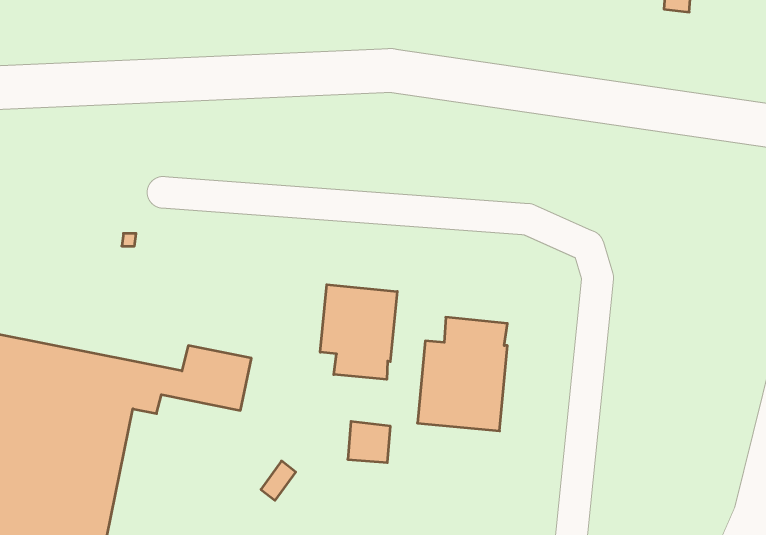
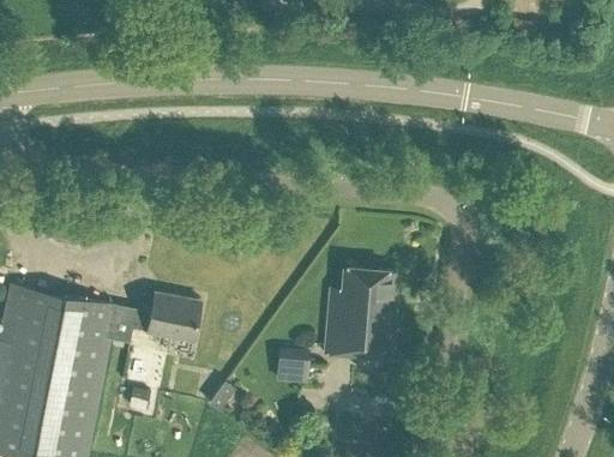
building: [320,285,397,379] -> none

